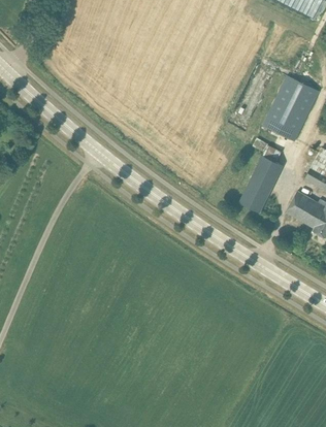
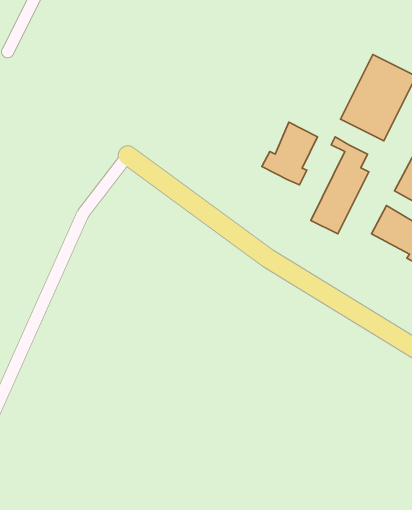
building: none -> [262,122,318,185]

